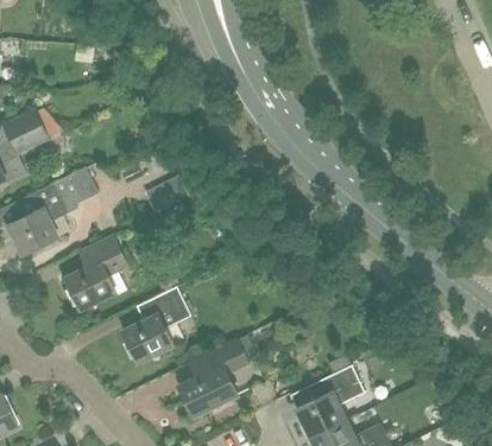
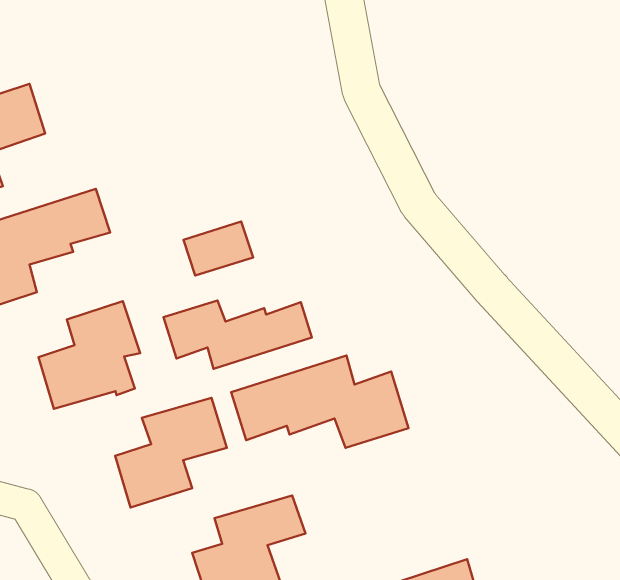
building: none -> [163,300,312,369]
building: none -> [231,355,409,448]

